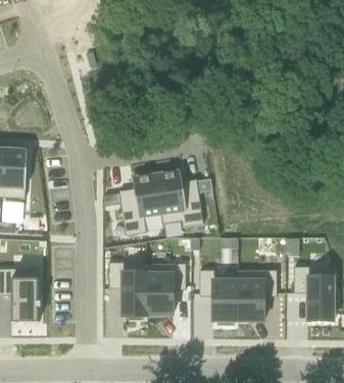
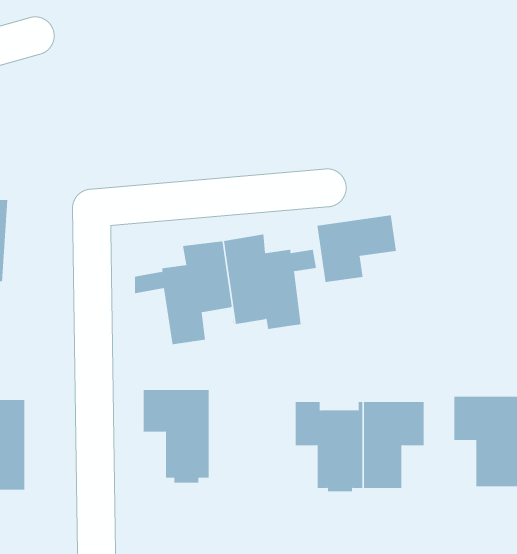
building: none -> [317,215,396,283]
building: [148,263,186,314] -> none

